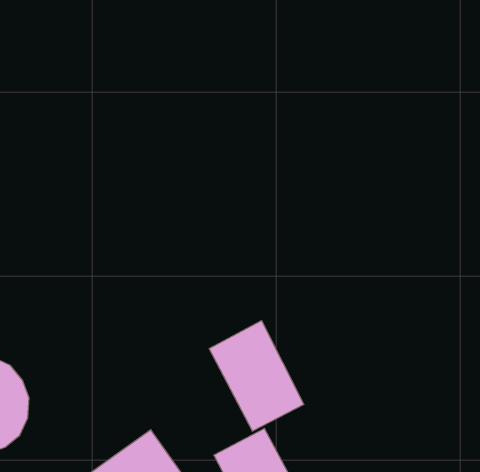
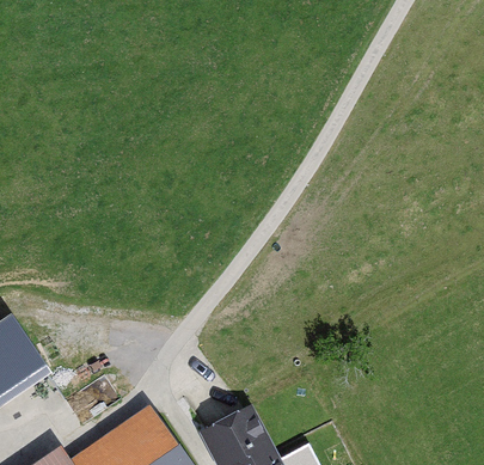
building: [209,321,304,431] -> none

